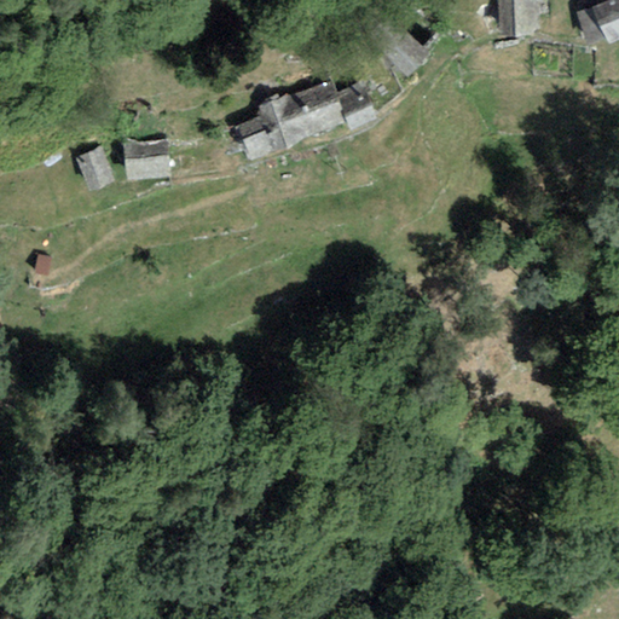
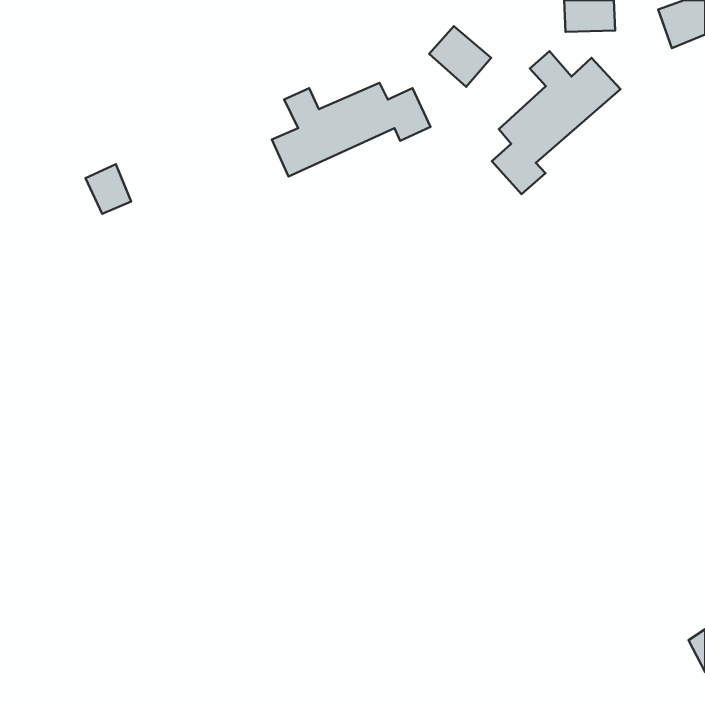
building: none -> [492,51,620,194]
building: [125,139,173,180] -> none

